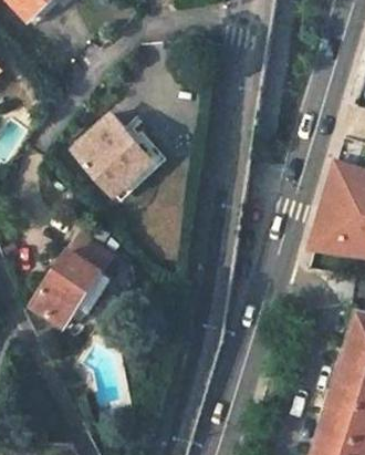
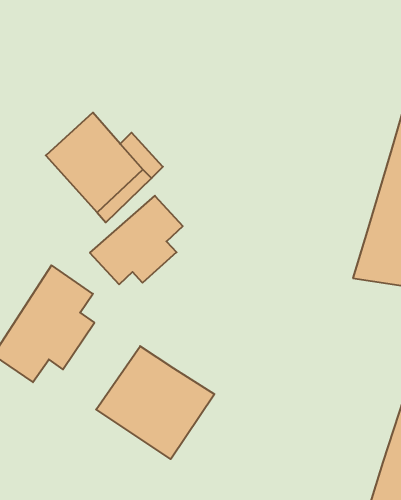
building: none -> [90,196,183,284]
building: none -> [96,346,214,459]

